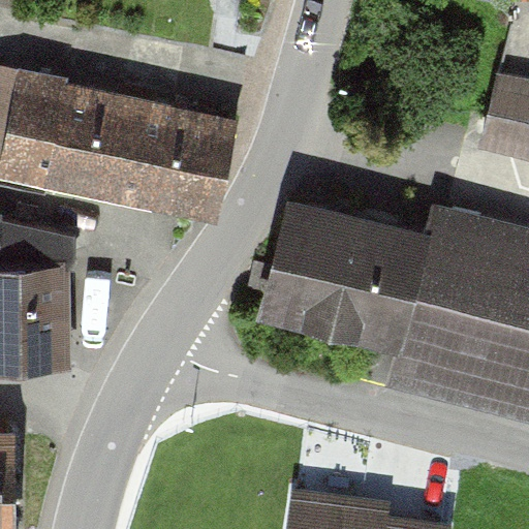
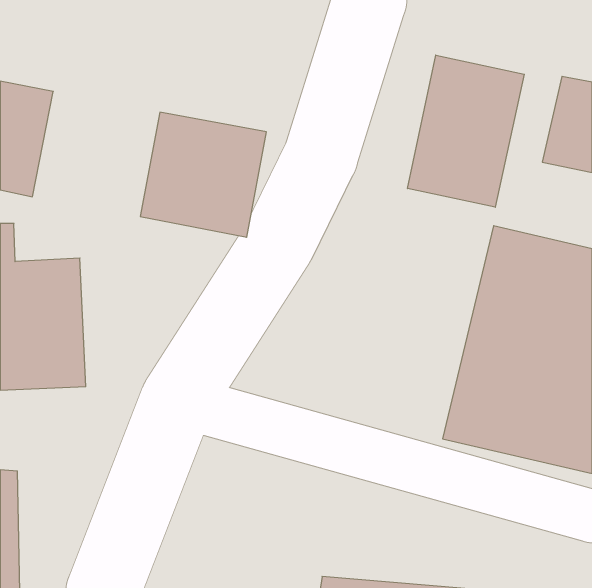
building: none -> [408,55,524,207]
building: [29,85,143,196] -> none
building: [257,200,431,342] -> none

